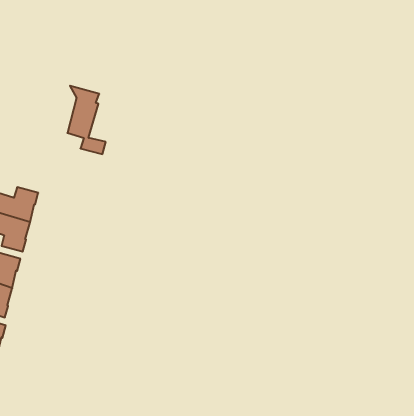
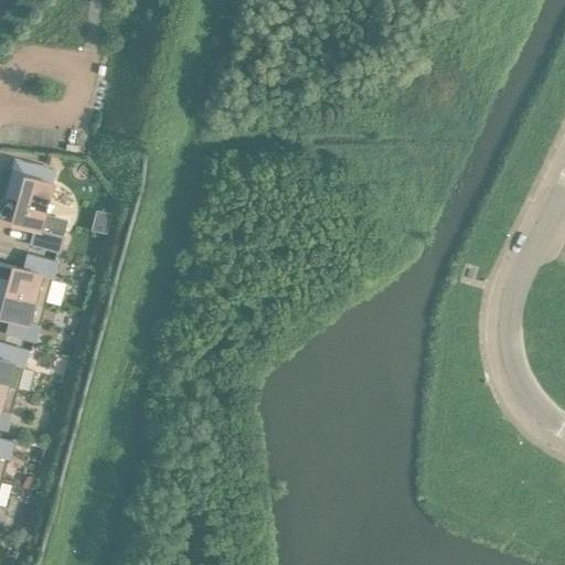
building: [67,86,106,154] -> [8,159,60,252]

